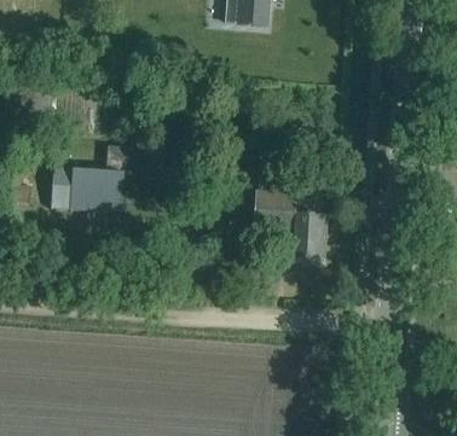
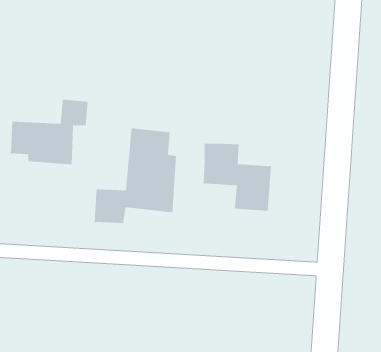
building: none -> [94,128,177,224]

